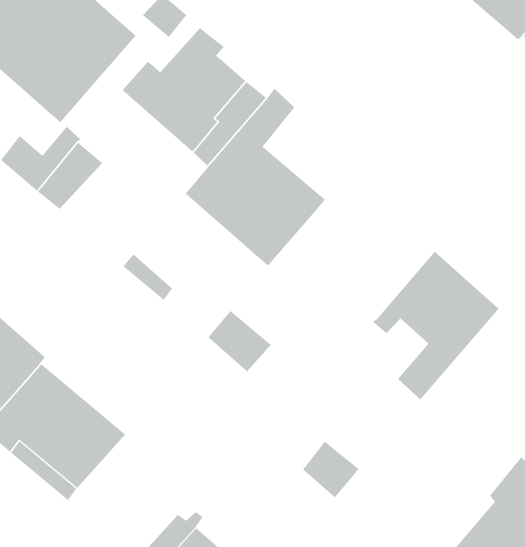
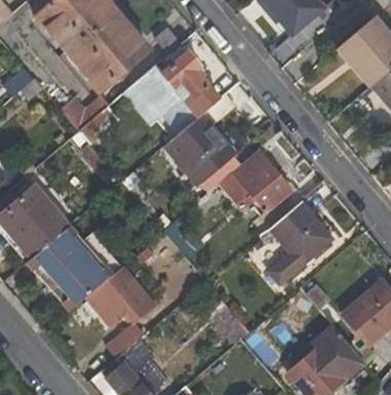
building: none -> [230,149,301,234]
building: none -> [85,264,156,327]

